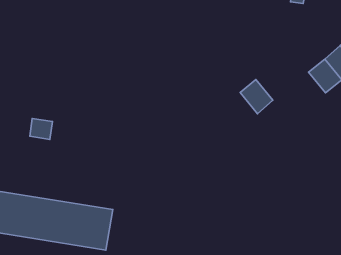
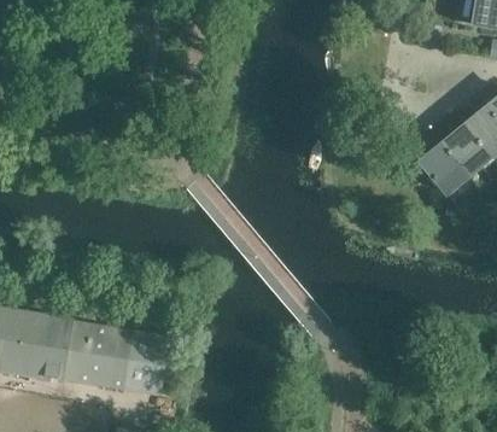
building: [240,80,273,114] -> [420,144,466,192]
building: [30,118,52,139] -> none

